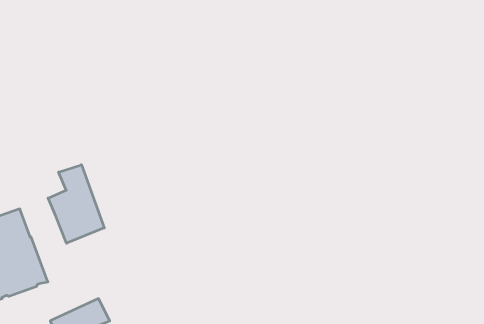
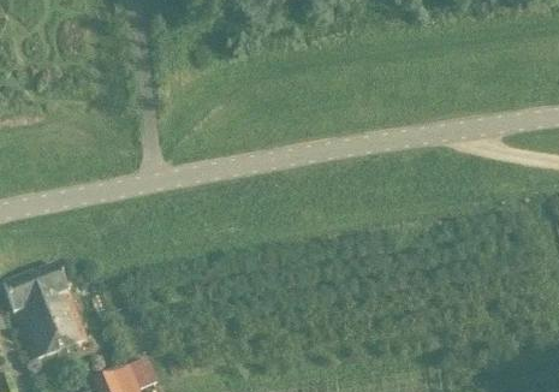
building: [48,165,104,243] -> none

